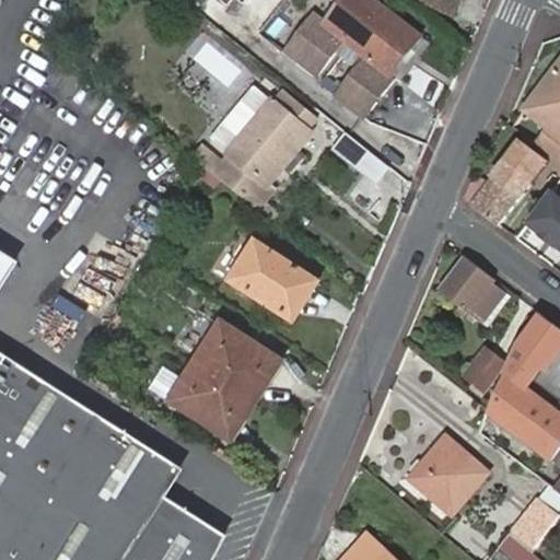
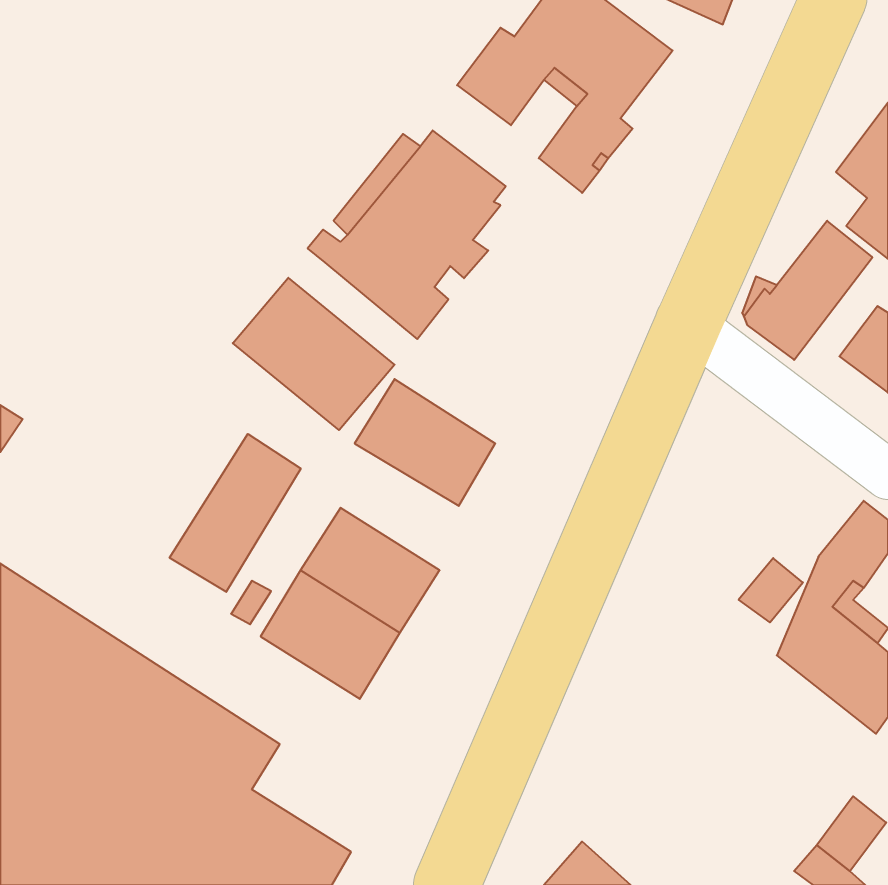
building: none -> [233,278,395,430]
building: [441,256,506,323] -> none
building: none -> [170,434,301,592]
building: [413,439,488,513] -> none

